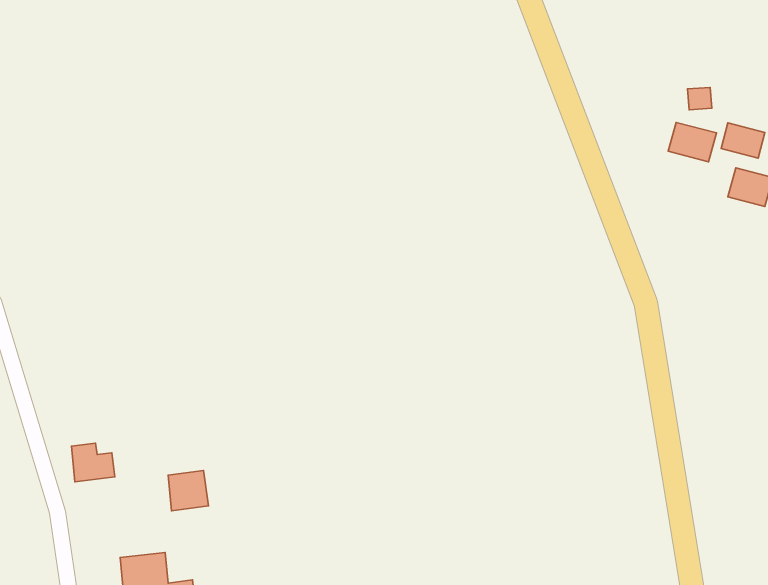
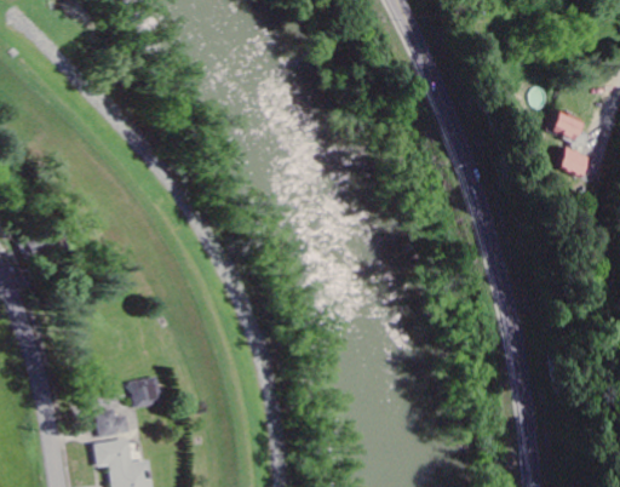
building: [668,122,716,162] -> none
building: [72,443,115,482] -> [97,407,130,436]

